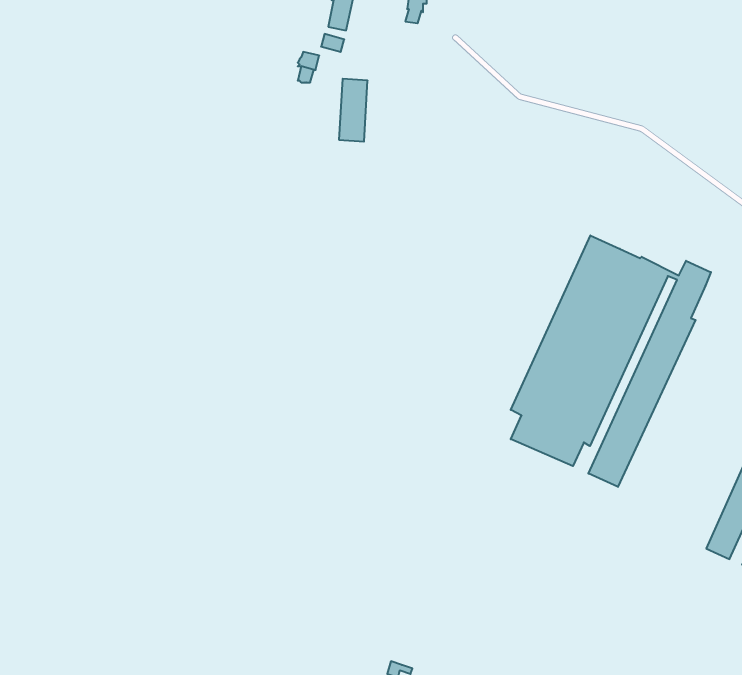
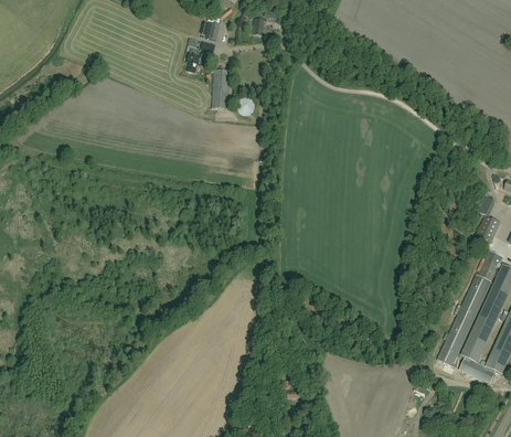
building: [511,235,711,487] -> none

